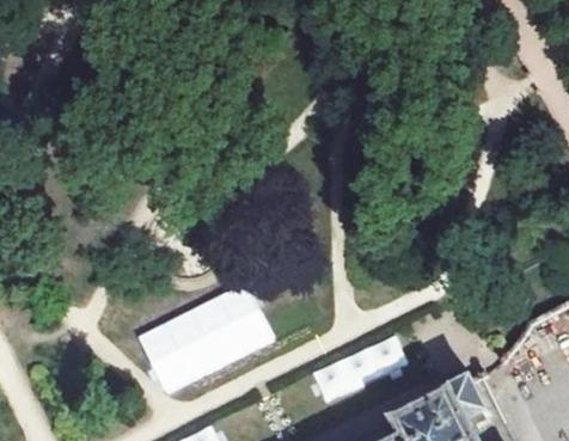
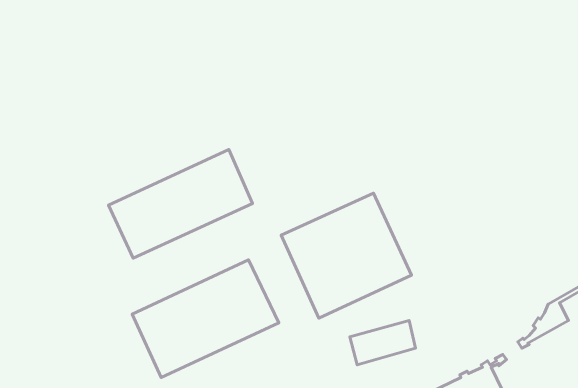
building: none -> [108,150,253,258]
building: none -> [281,193,411,318]

